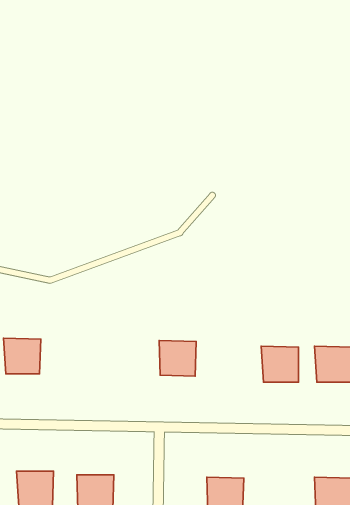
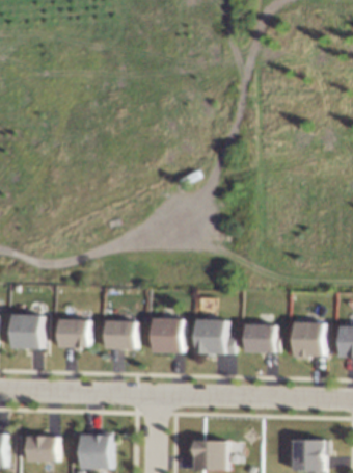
building: none -> [57,316,90,347]
building: none -> [103,318,136,350]
building: none -> [193,319,226,350]

